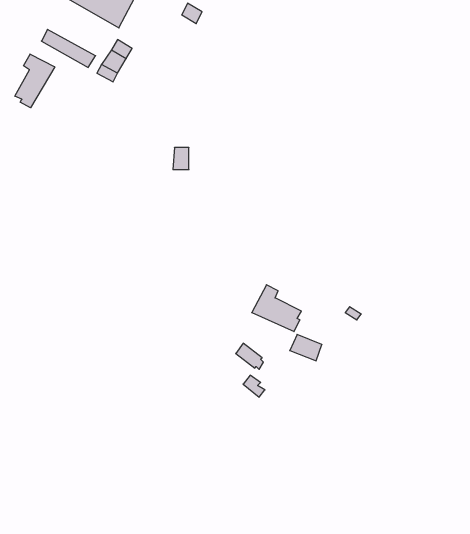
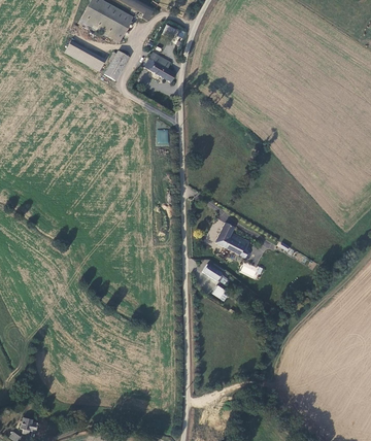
building: none -> [144,50,175,82]
building: [15,54,55,108] -> none

